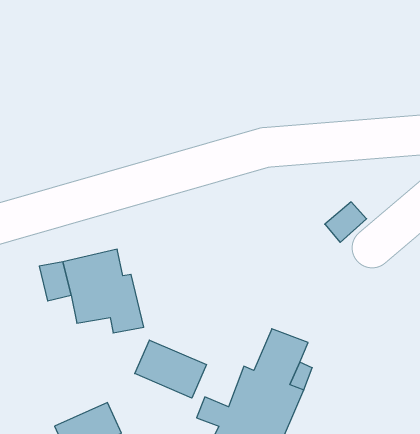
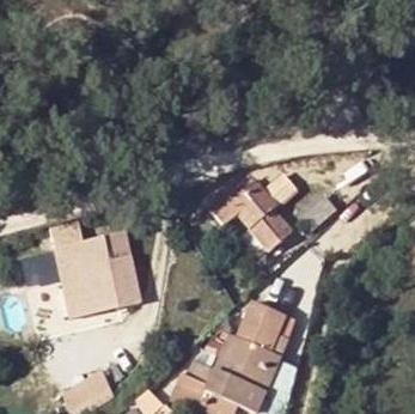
building: none -> [208,176,294,251]
building: [135,340,206,398] -> none

